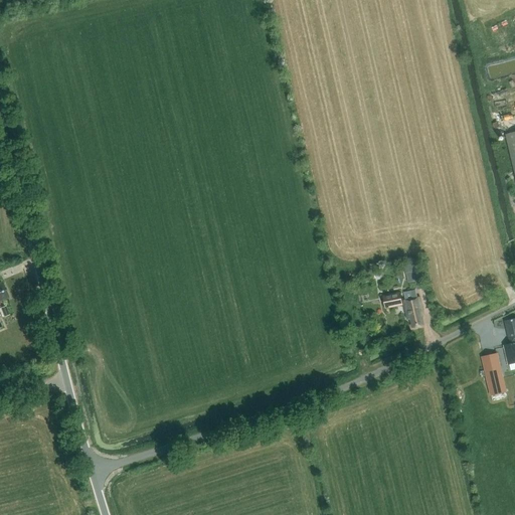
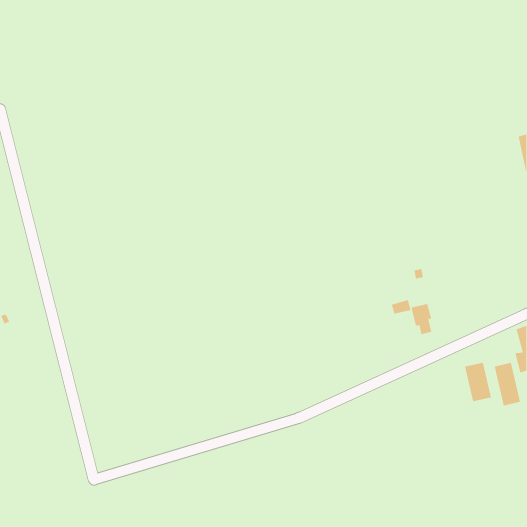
building: none -> [464,362,492,402]

